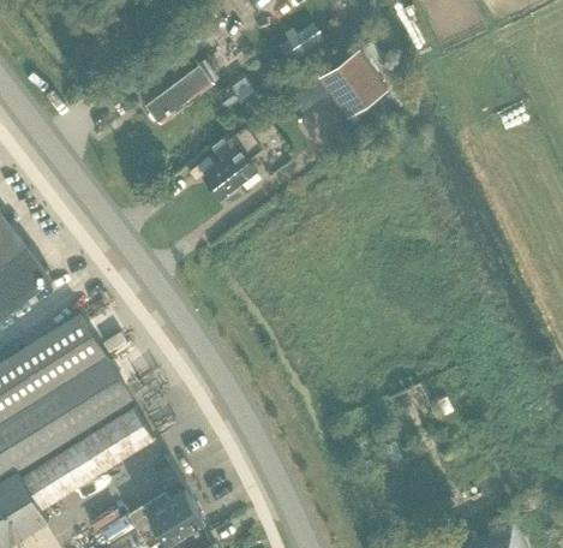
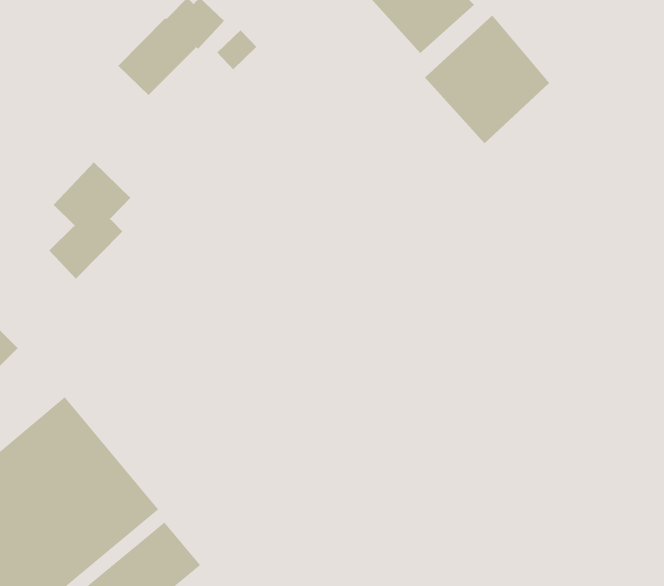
building: none -> [424,15,550,144]
building: [203,121,263,198] -> [48,161,131,279]

